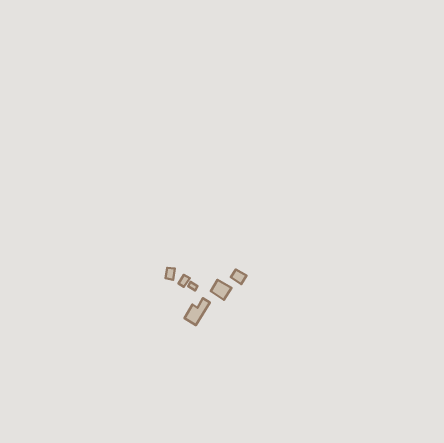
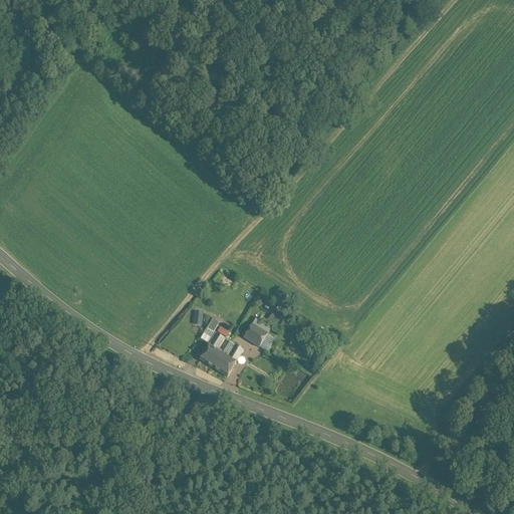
building: none -> [199,331,224,366]

